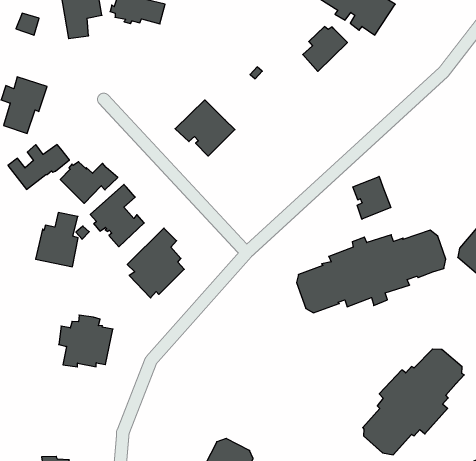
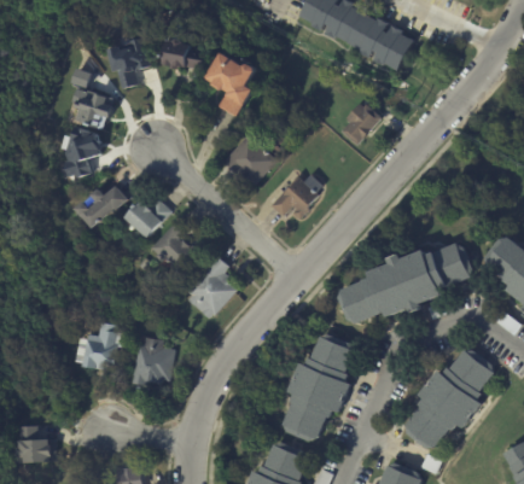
building: none -> [203,54,252,116]
building: [303,27,347,71] -> [340,105,380,146]
building: none -> [71,88,113,127]
building: none -> [269,176,320,221]
building: [353,176,391,219] -> none
building: [36,213,78,267] -> [78,322,116,371]
building: none -> [283,334,354,442]

